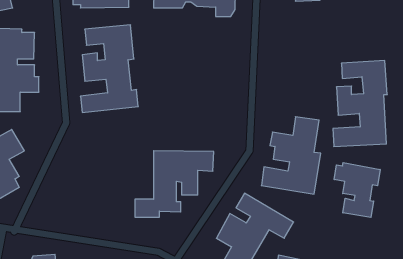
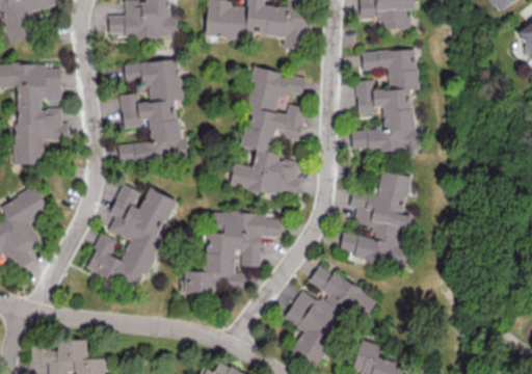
building: none -> [230,68,305,194]
building: [333,61,387,146] -> [351,48,418,153]
building: none -> [86,183,177,288]
building: [334,163,380,217] -> none

